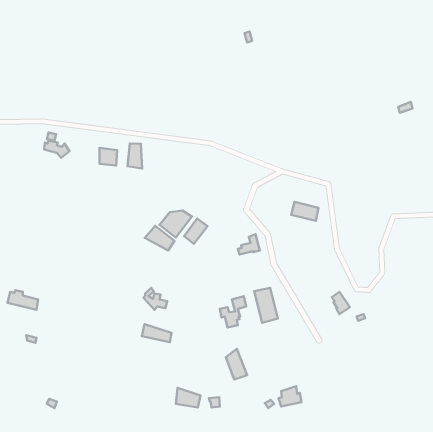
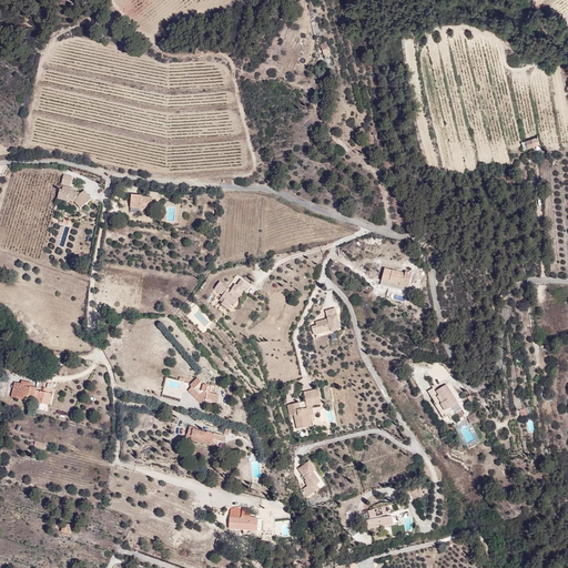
building: [128,143,142,168] -> none
building: [184,219,208,244] -> none
building: [145,226,175,251] -> none
building: [254,288,278,323] -> none

